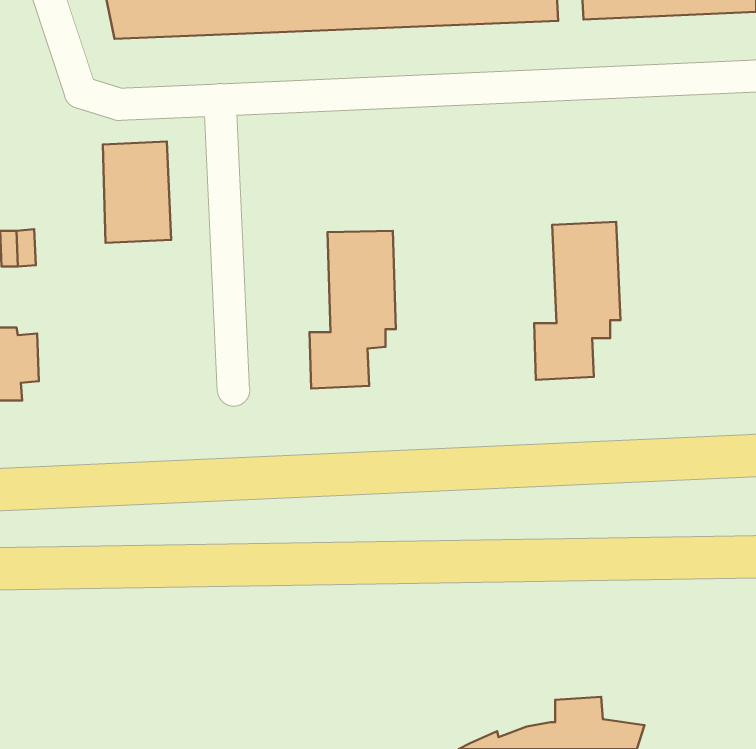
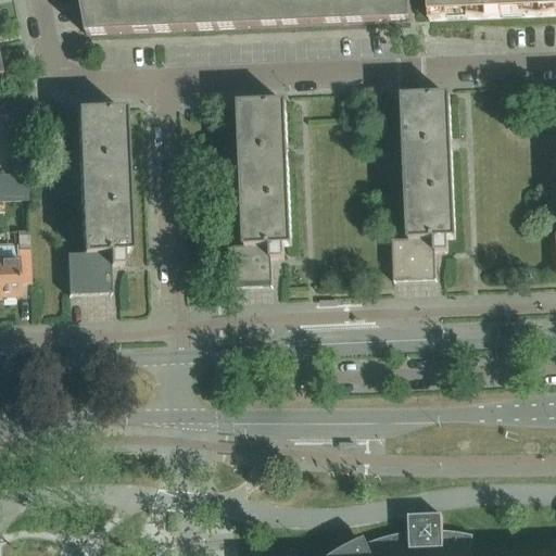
building: none -> [401,90,450,164]
building: none -> [237,97,287,169]
building: none -> [64,175,127,290]

